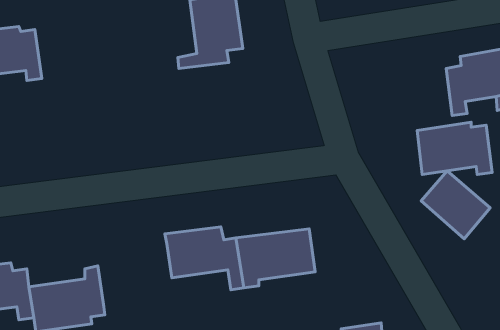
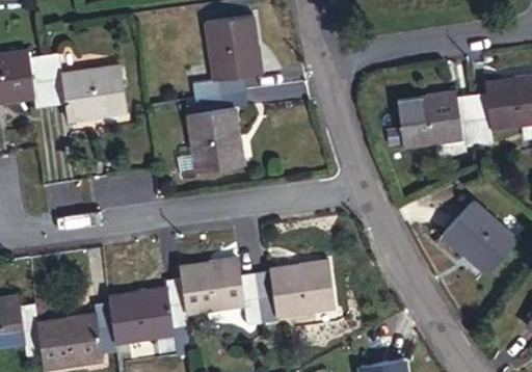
building: none -> [44,53,125,121]
building: none -> [186,89,247,172]
building: [417,122,492,174] -> [399,92,477,147]
building: none -> [109,277,191,354]

